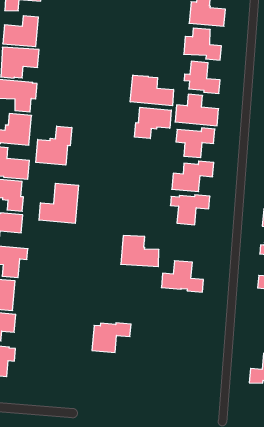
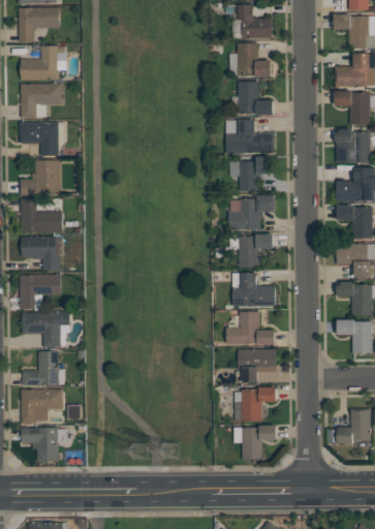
building: [130,75,173,106] -> none
building: [135,107,171,139] -> none
building: [36,126,72,165] -> none
building: [39,183,79,223] -> none
building: [121,236,159,267] -> [232,273,276,307]
building: none -> [239,349,277,383]
building: [92,323,131,352] -> [235,387,277,422]
building: none -> [243,426,277,459]

